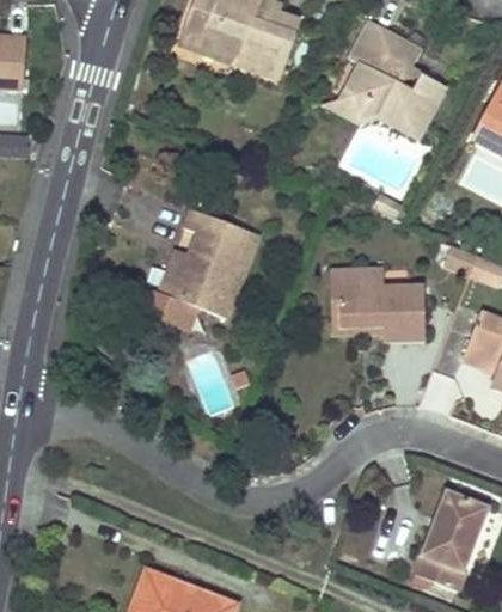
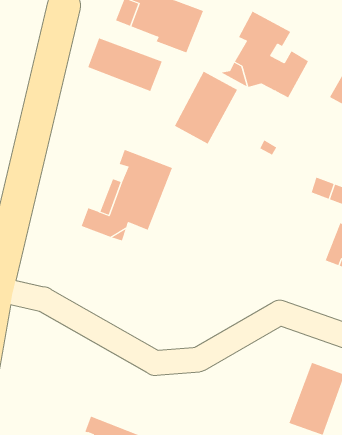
building: none -> [88,38,162,92]
building: none -> [174,71,238,145]
building: [326,267,426,339] -> none

